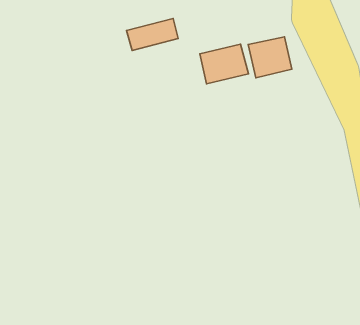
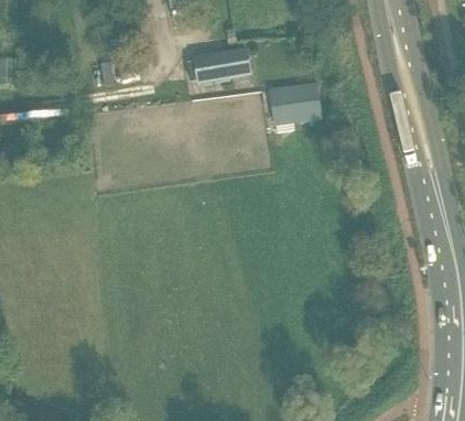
building: [248,37,292,78] -> none

